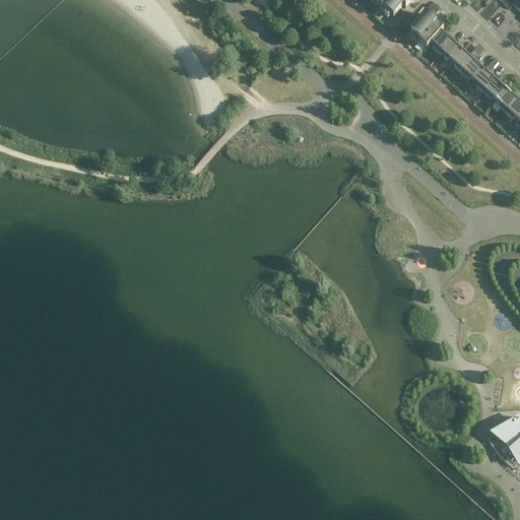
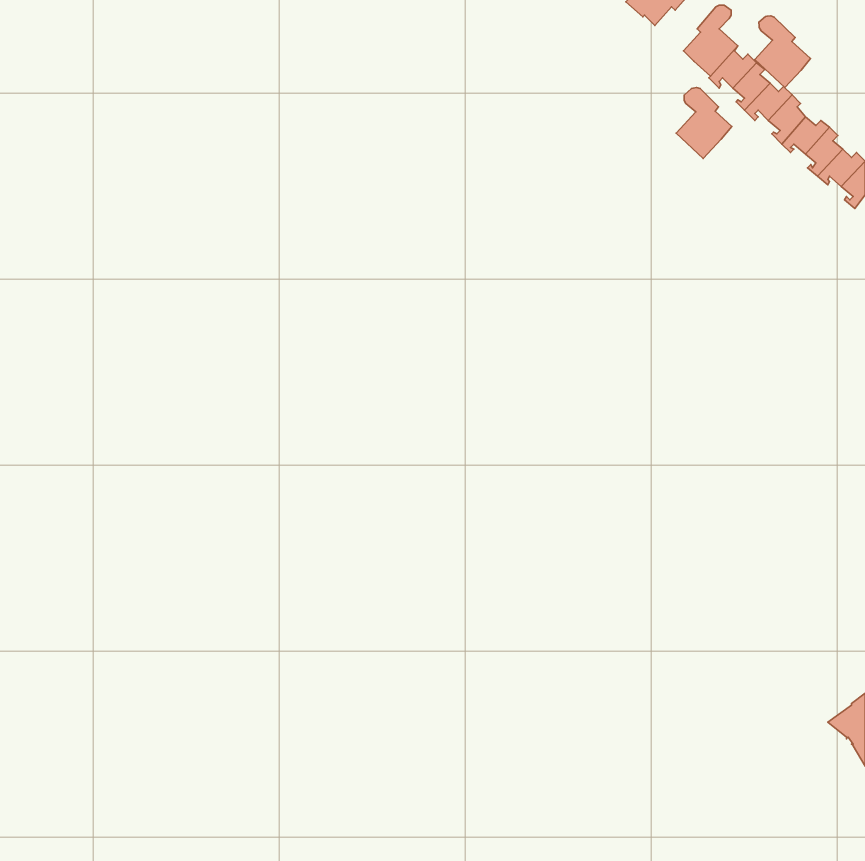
building: none -> [755,16,811,88]
building: none -> [676,87,732,159]

